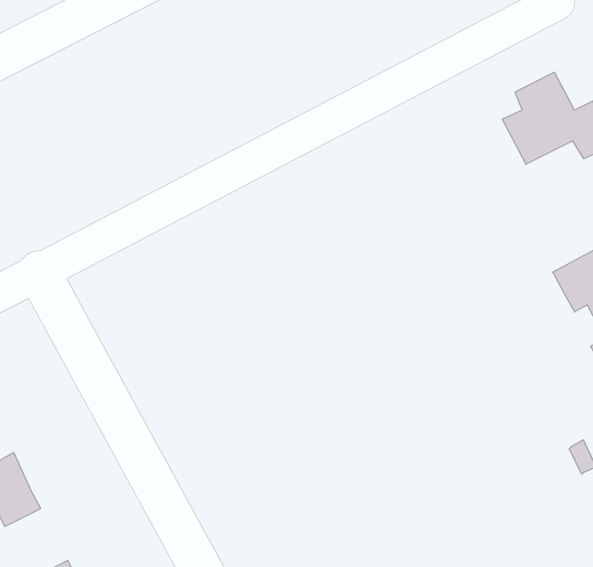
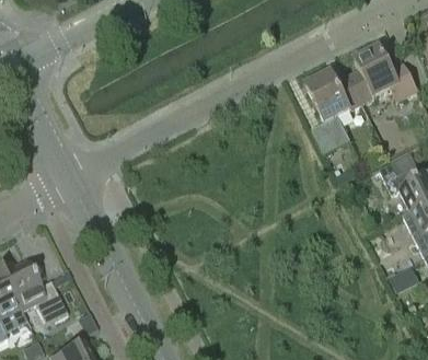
building: none -> [306,73,362,148]

